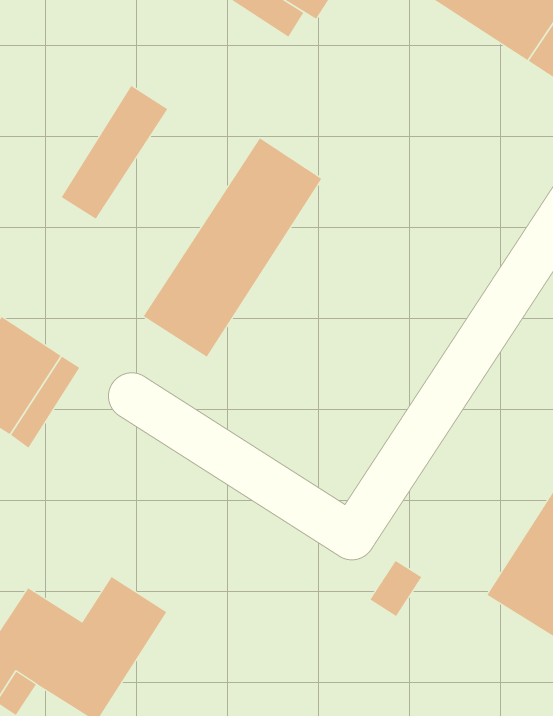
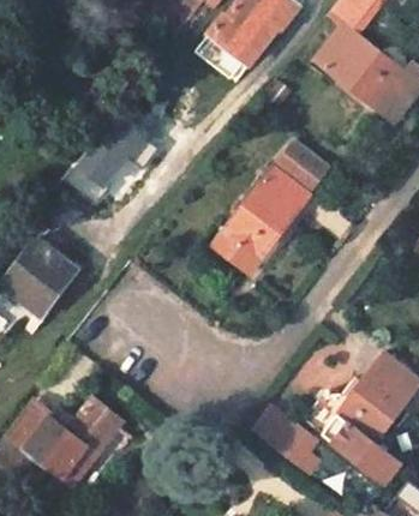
building: [143,137,322,357] -> [211,139,329,271]
building: none -> [264,420,315,475]

